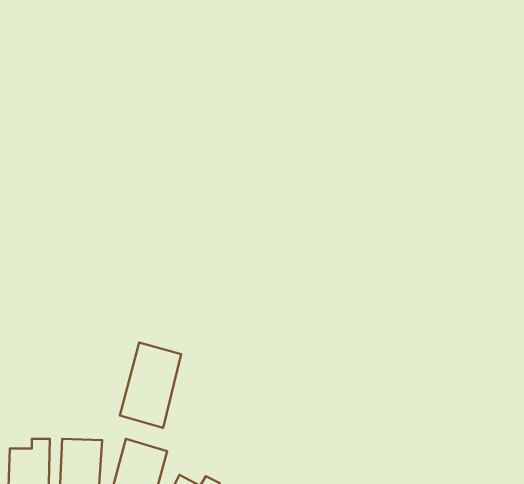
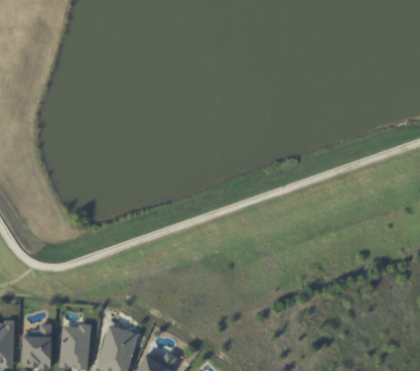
building: [120,342,181,428] -> none

